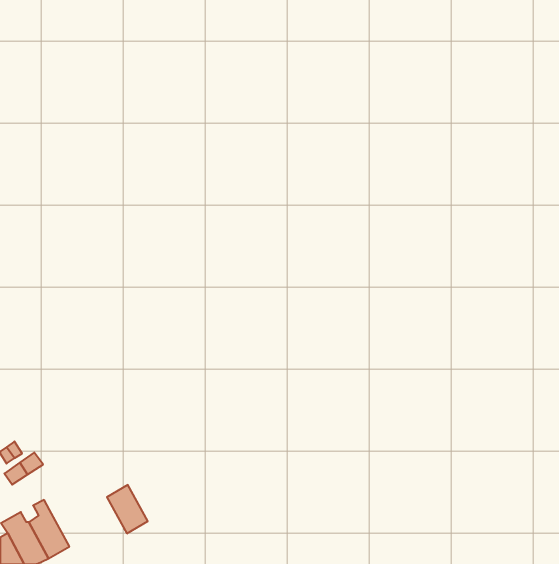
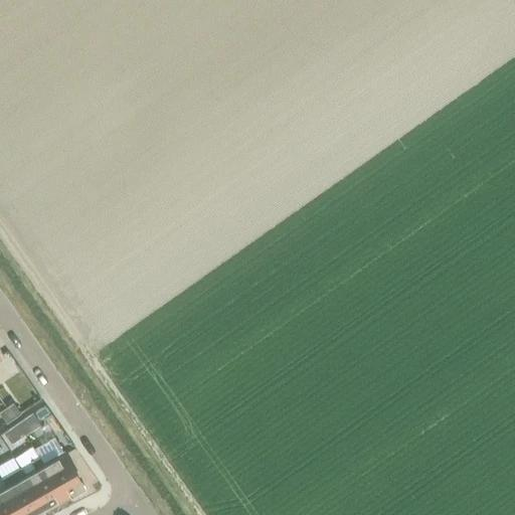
building: [107,485,148,533] -> [49,454,87,498]

